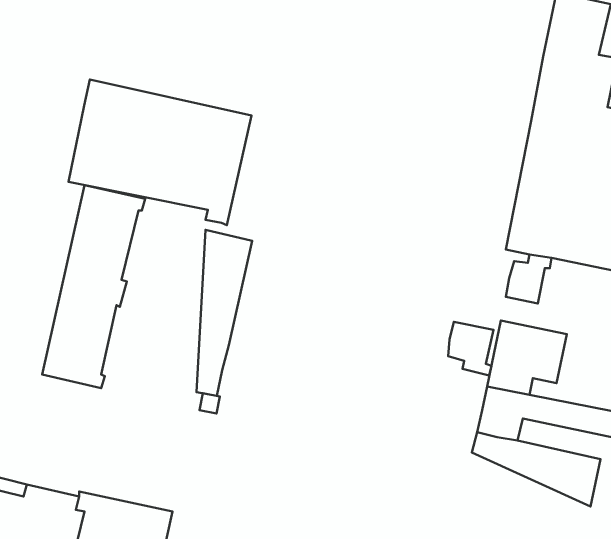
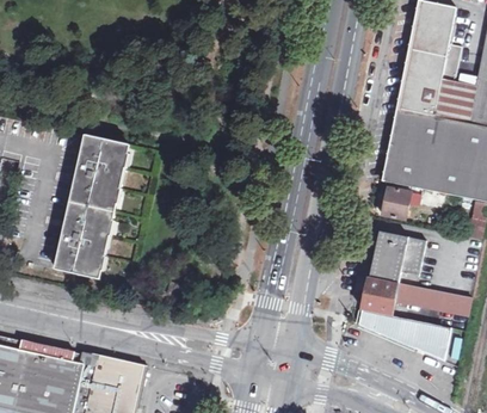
building: [68,80,252,225] -> none
building: [196,230,252,396] -> none
building: [448,322,494,375] -> none

